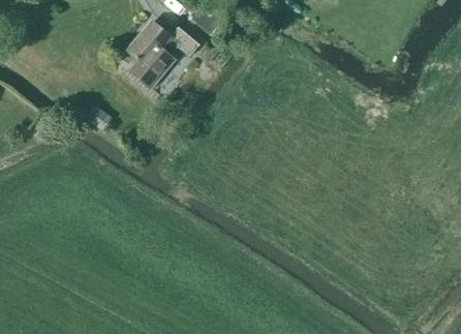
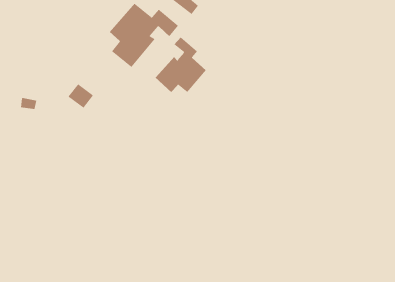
building: none -> [154,36,207,93]

